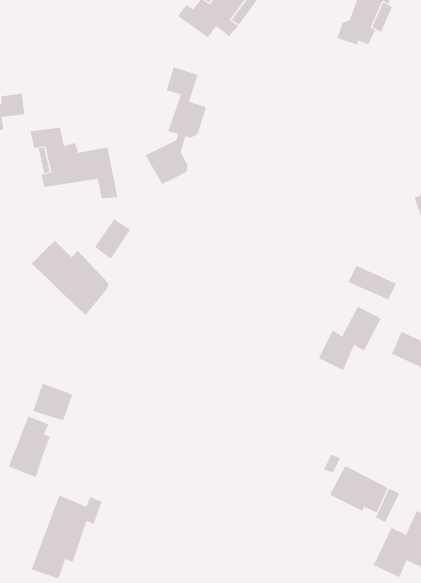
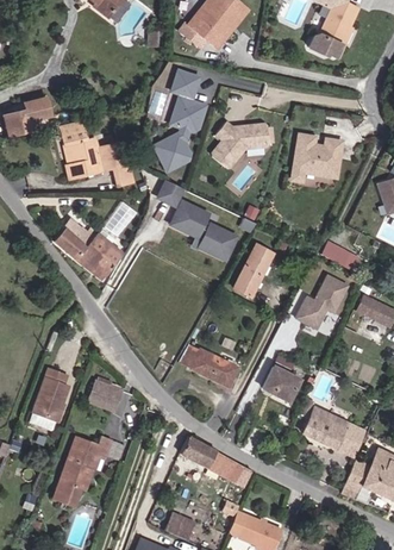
building: none -> [208,124,264,169]
building: none -> [286,135,337,180]
building: none -> [156,181,240,264]
building: none -> [234,243,276,298]
building: [32,383,73,421] -> [88,379,123,411]
building: none -> [181,343,242,388]
building: none -> [263,365,300,400]
building: none -> [182,436,251,483]

